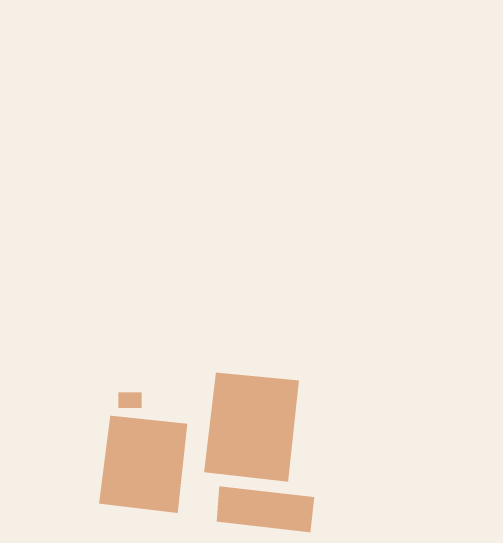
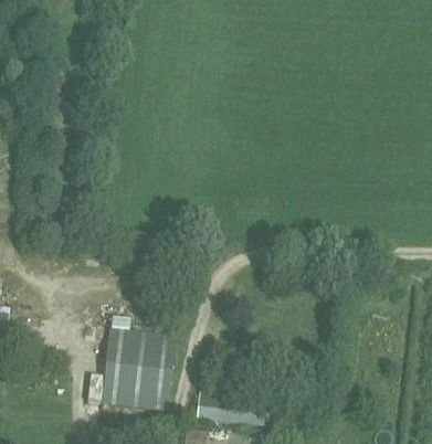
building: [204,372,299,483] -> none

